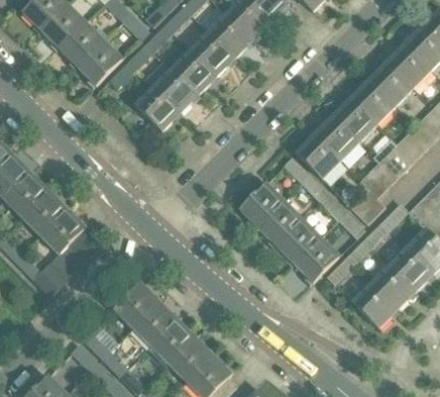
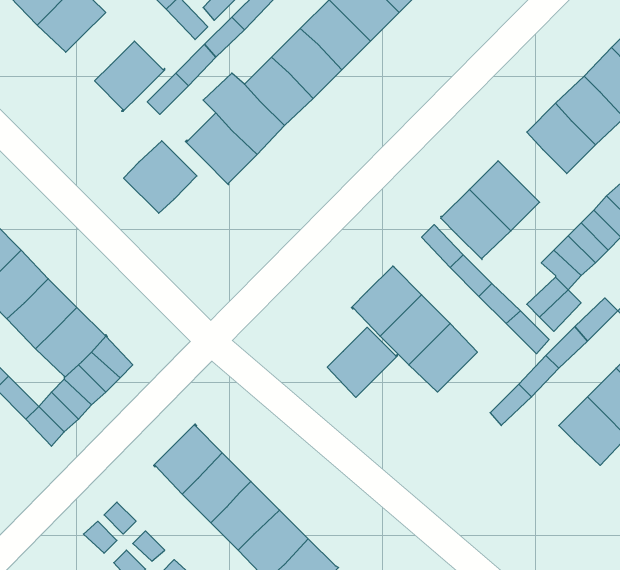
building: [59,22,102,66] -> none
building: [332,98,375,142] -> none
building: none -> [124,141,197,213]
building: [294,237,338,282] -> [327,327,397,397]
building: [352,284,397,328] -> none

